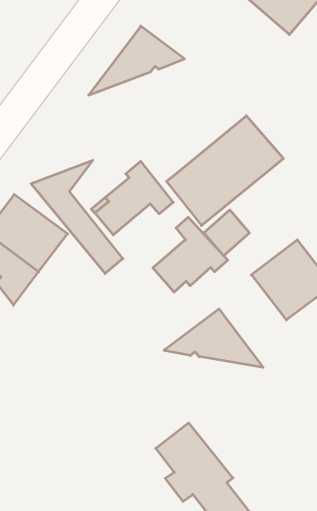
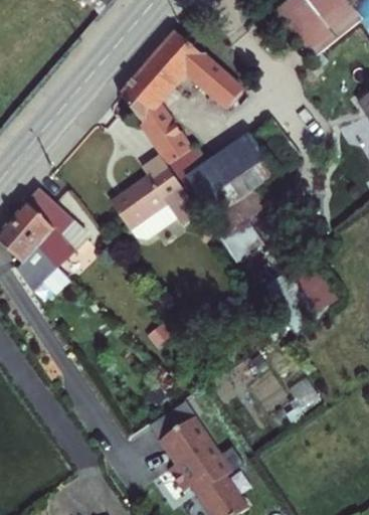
building: none -> [189,68,242,109]
building: [31,160,123,274] -> [121,78,203,187]
building: [153,217,228,292] -> none
building: [164,309,263,367] -> none

